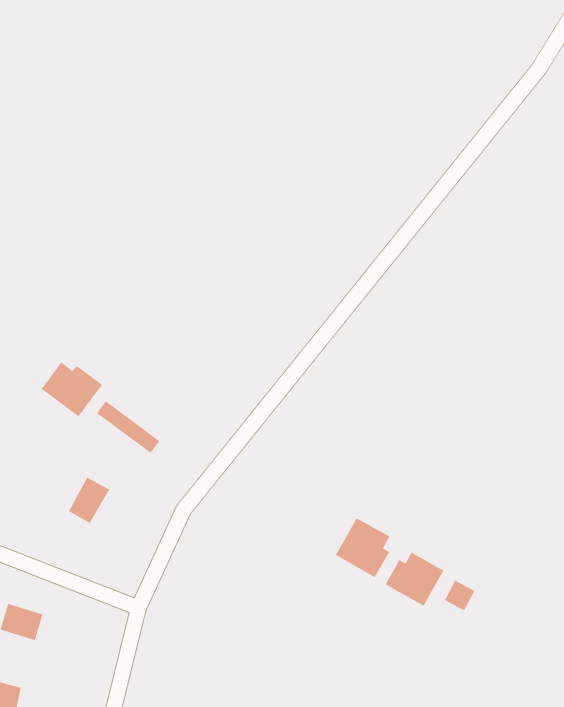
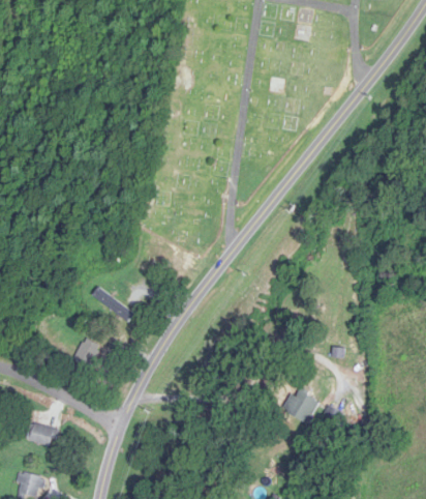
building: [41,362,103,417] -> none
building: [335,517,390,578] -> none

